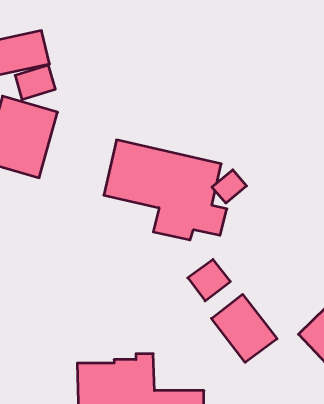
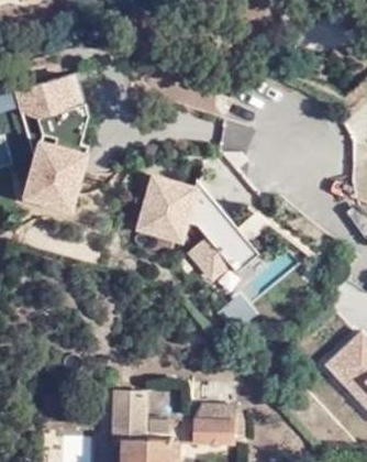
building: [211,294,277,362] -> none

